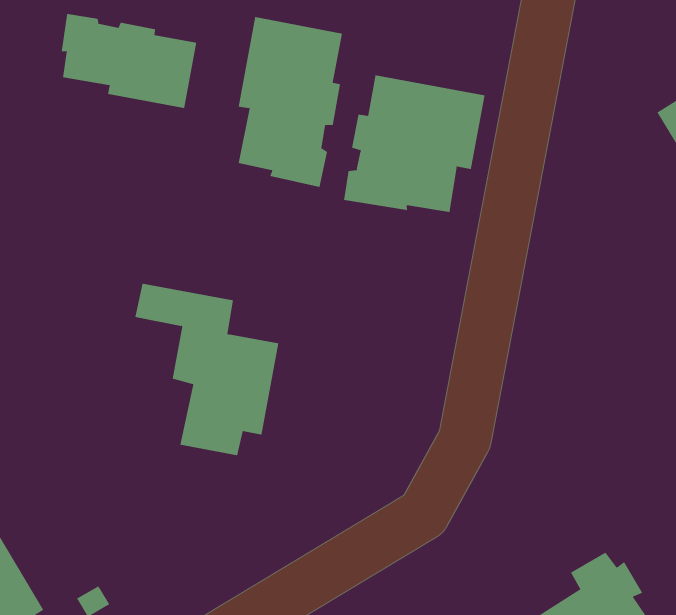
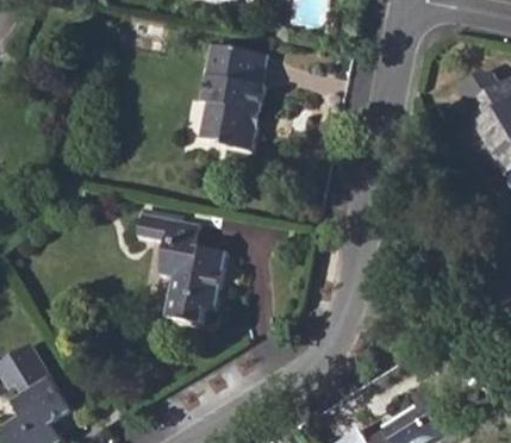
building: [61,13,197,109] -> none
building: [344,74,485,213] -> none

